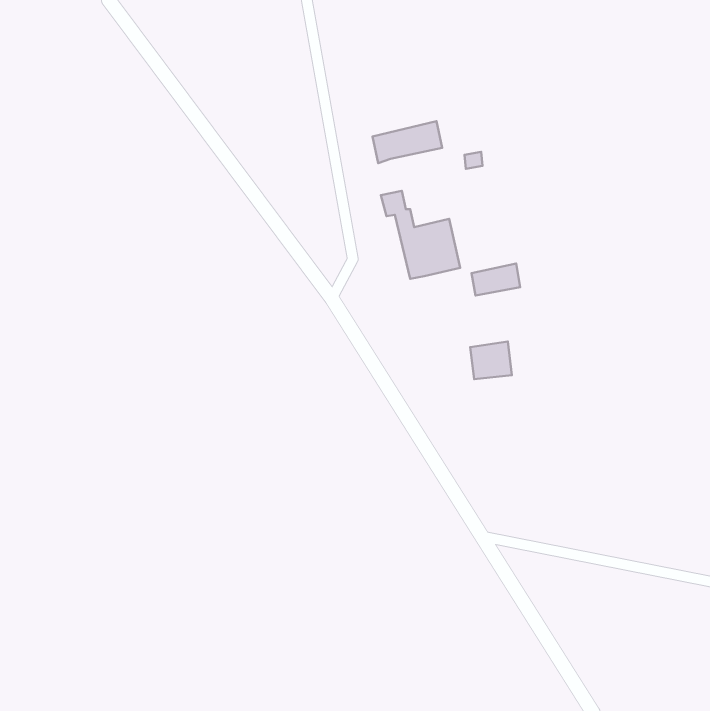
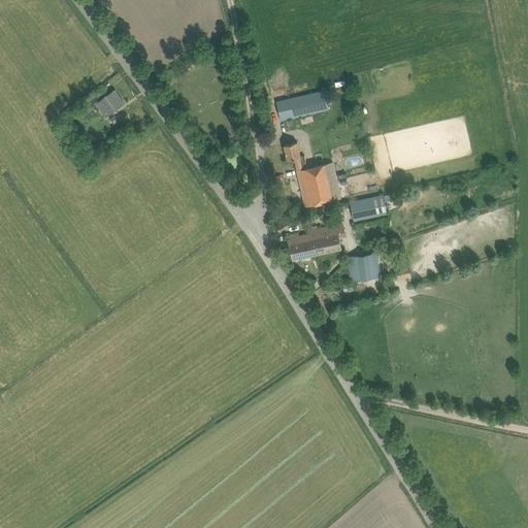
building: none -> [95,91,123,118]
building: none -> [286,222,343,260]

